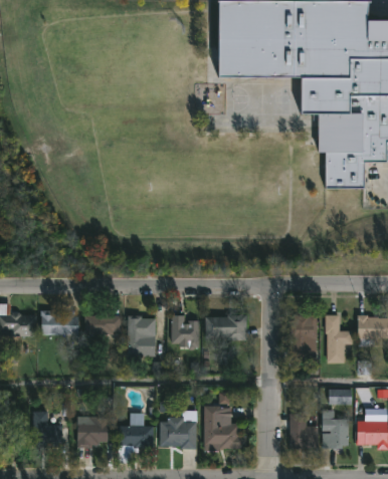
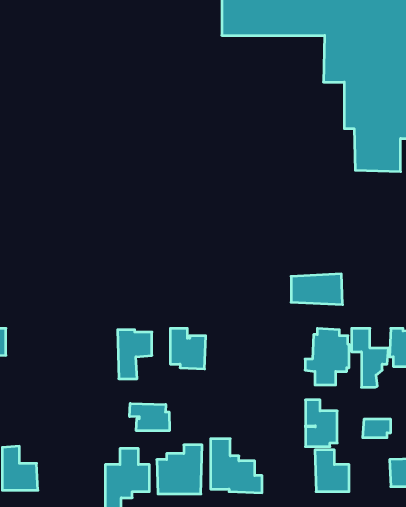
building: [43,310,80,335] -> none
building: [86,312,124,338] -> none
building: [207,315,249,340] -> [291,274,343,305]
building: none -> [130,403,169,431]
building: [324,411,350,449] -> [305,400,337,447]
building: [79,417,111,449] -> none

